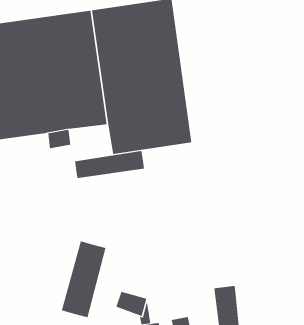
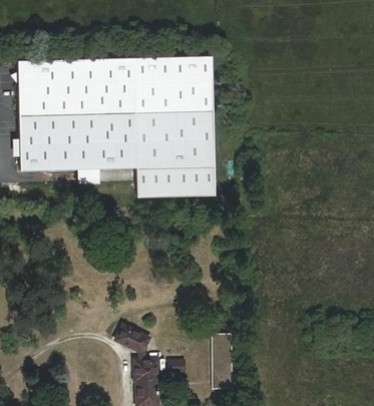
building: [74,150,145,179] -> none
building: [61,240,106,318] -> none

